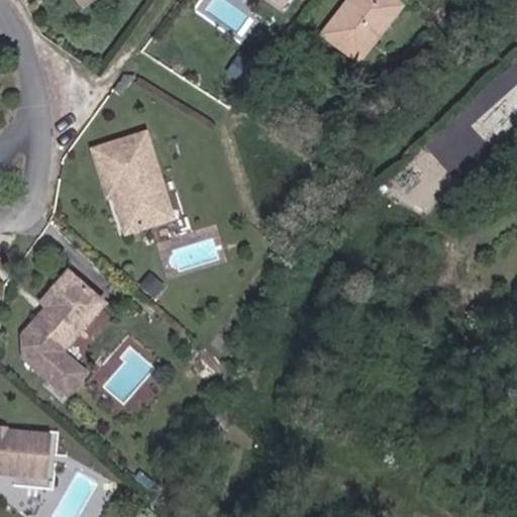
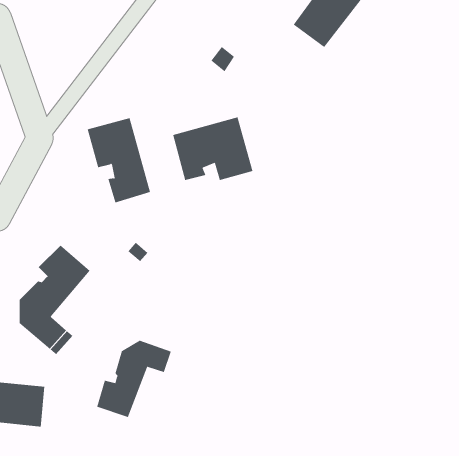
building: none -> [173,117,253,181]
building: none -> [97,340,172,418]

